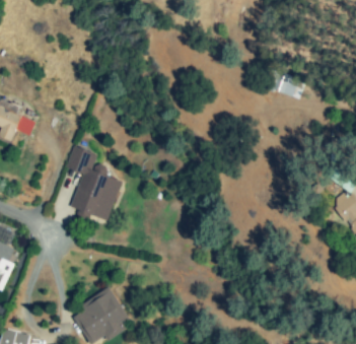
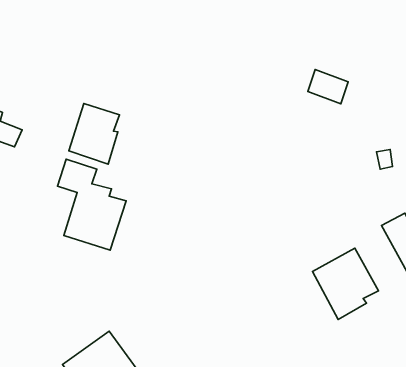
building: none -> [69,104,119,164]
building: none -> [313,248,379,319]

